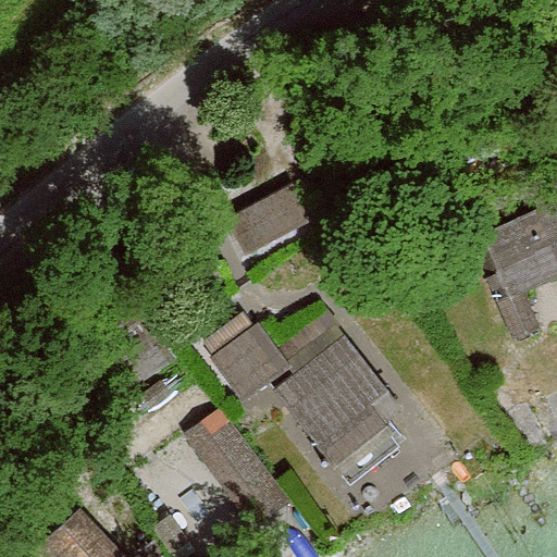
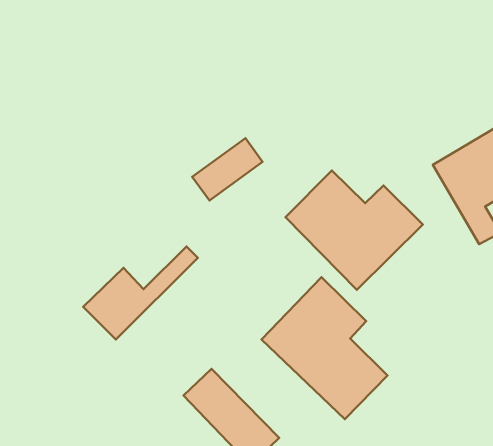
building: none -> [286,171,423,290]
building: [213,311,335,395] -> [83,247,198,339]

